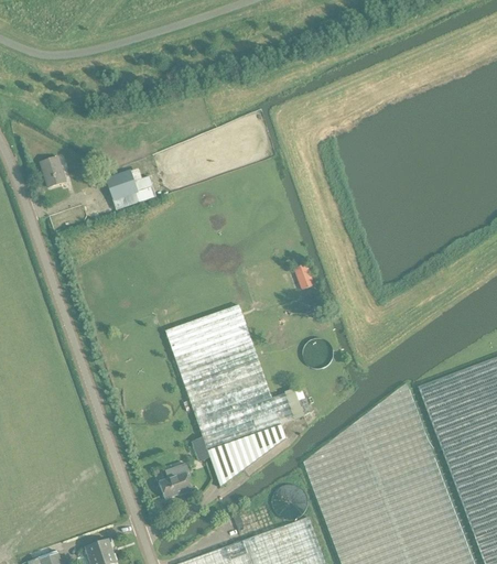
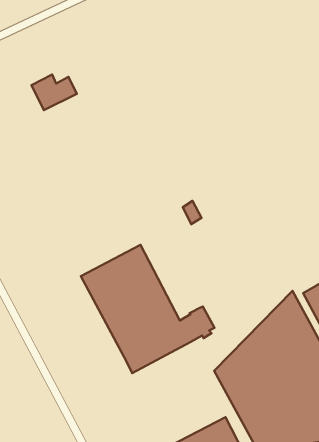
building: [106,171,156,210] -> [32,75,77,110]
building: [208,426,285,488] -> none
building: [160,464,192,499] -> none

